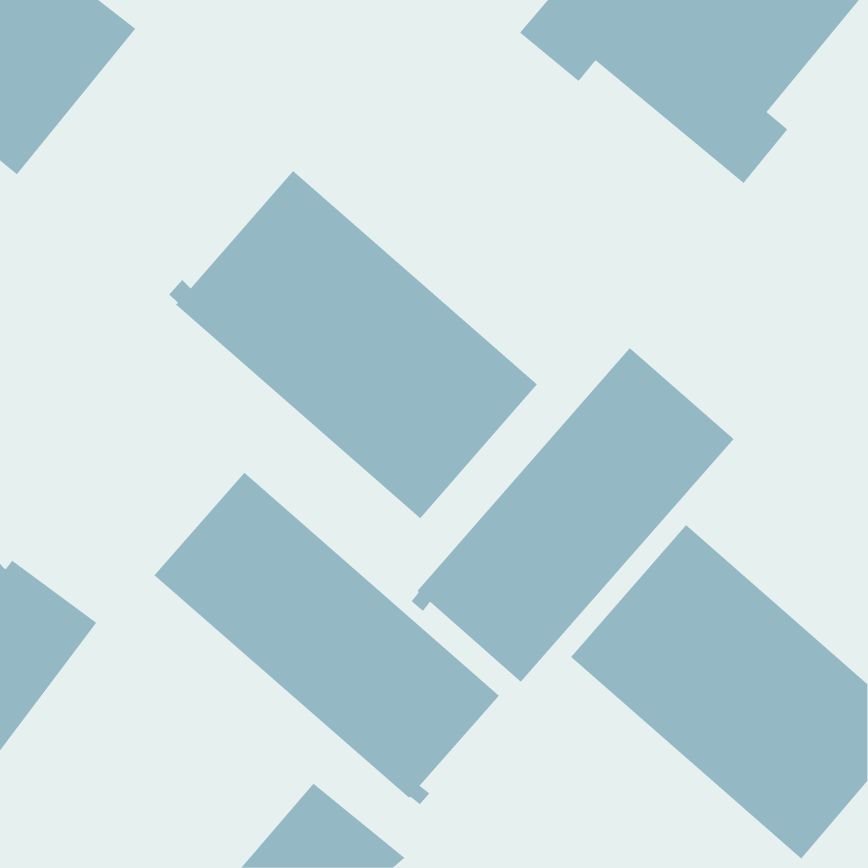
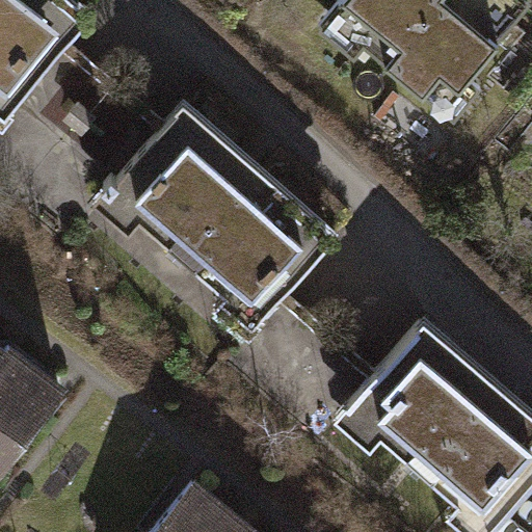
building: [411,347,734,683] -> none
building: [154,472,500,805] -> none

